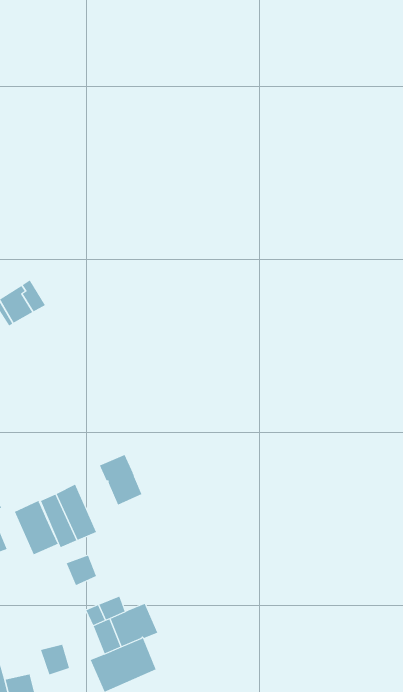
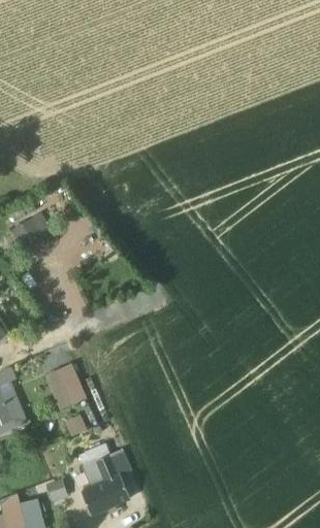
building: [99,454,142,506] -> none
building: [14,501,59,555] -> none

